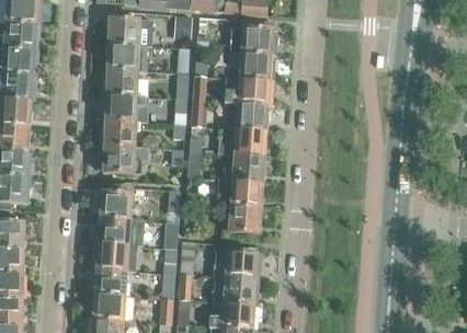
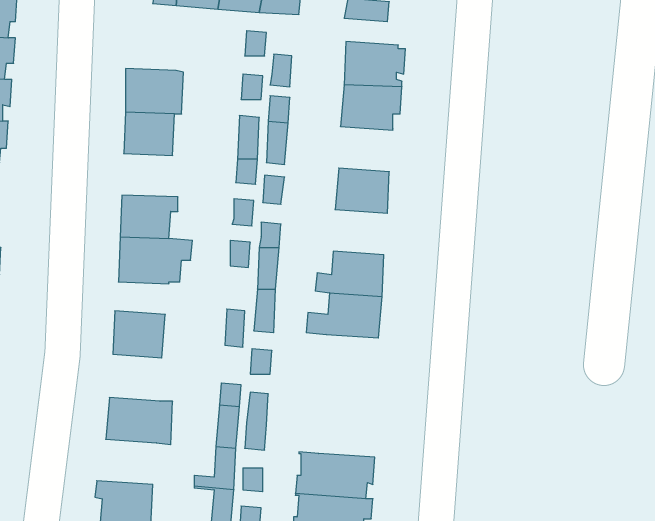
building: [107,16,144,44] -> none
building: [224,77,273,105] -> none
building: [105,94,146,122] -> none
building: [217,128,266,156] -> none
building: [228,204,261,232] -> none
building: [98,216,143,244] -> none
building: [213,249,261,278] -> none
building: [89,267,126,295] -> none

